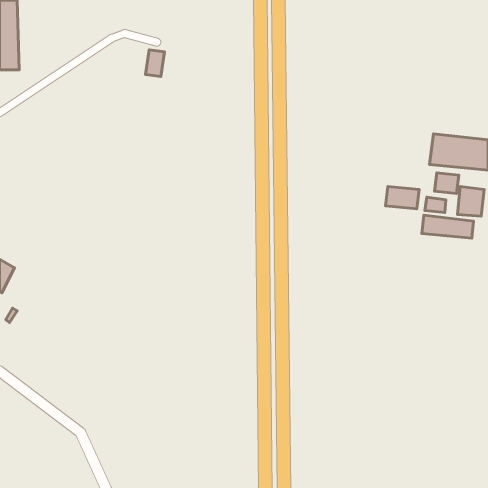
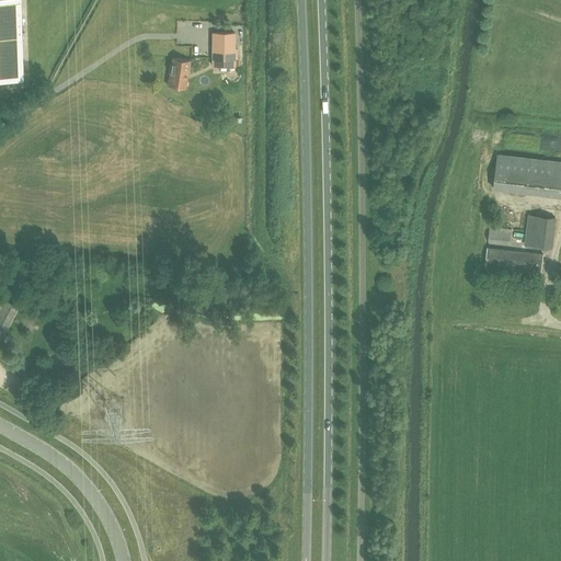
building: none -> [211,34,233,67]
building: [434,173,459,194] -> none
building: [385,186,419,209] -> none

